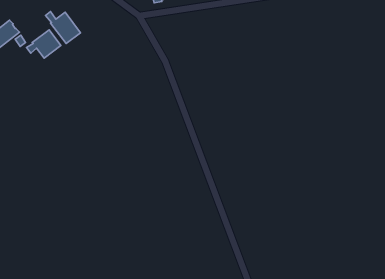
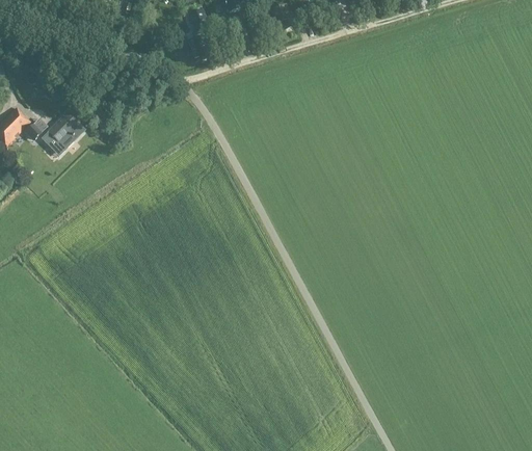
building: [46,12,80,44] -> none

